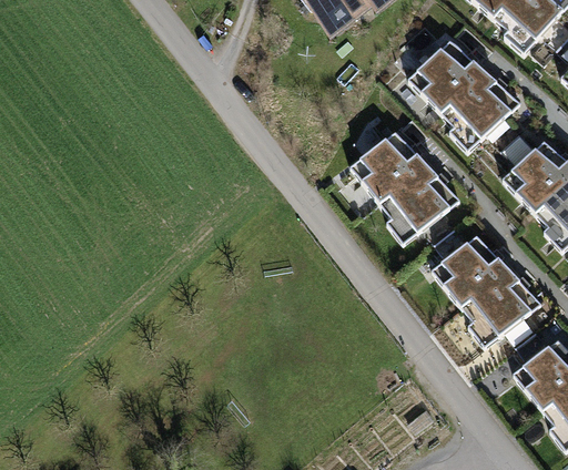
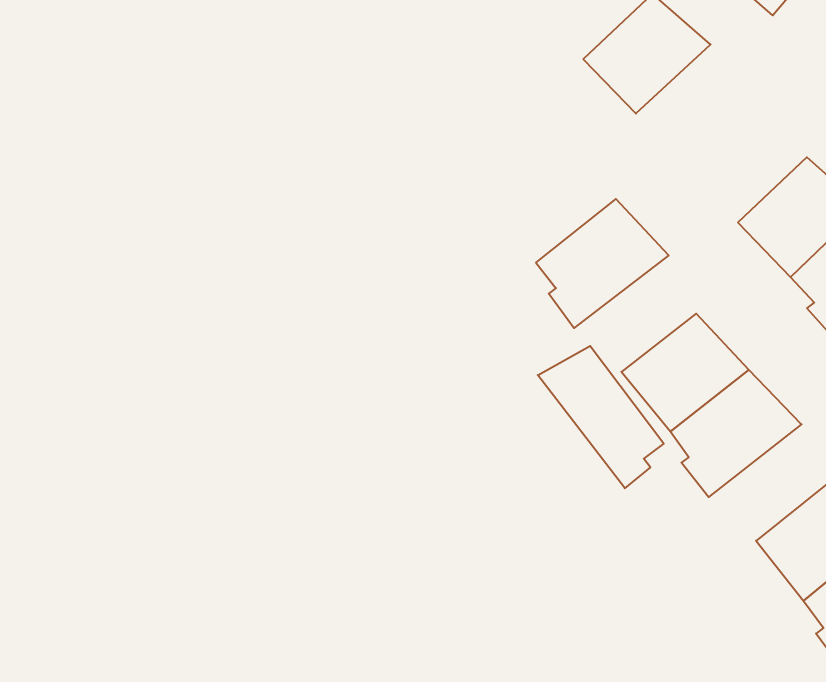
building: [440,70,520,150] -> none
building: [351,131,428,203] -> none
building: none -> [538,346,664,488]

